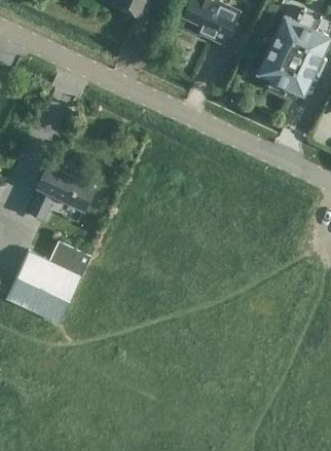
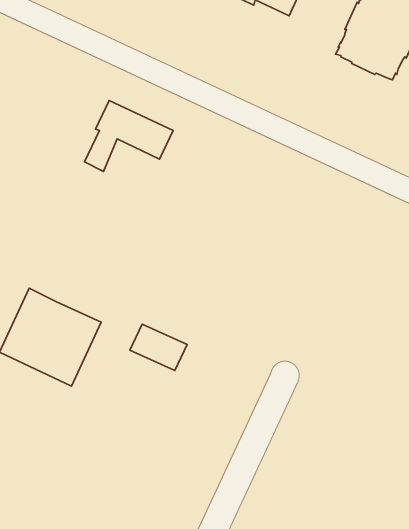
building: [28,166,95,220] -> [85,101,173,171]
building: [47,241,90,276] -> [130,324,187,370]

